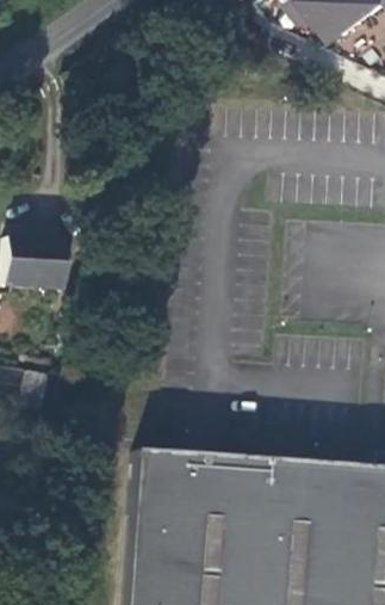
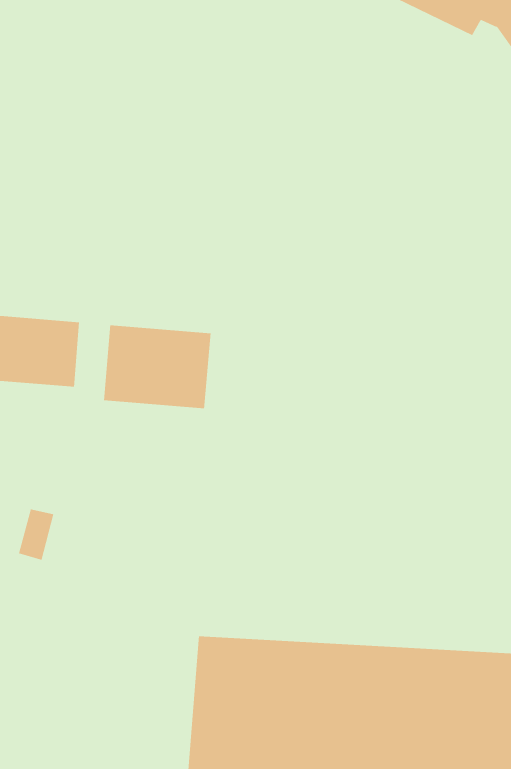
building: none -> [104,325,211,409]

